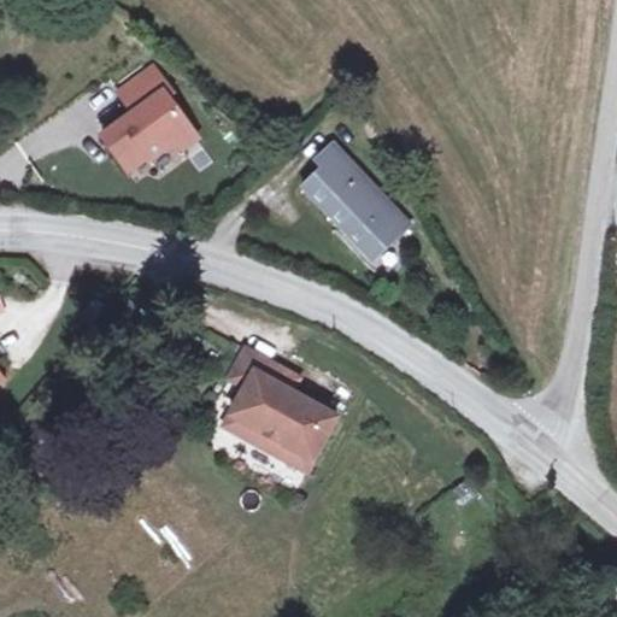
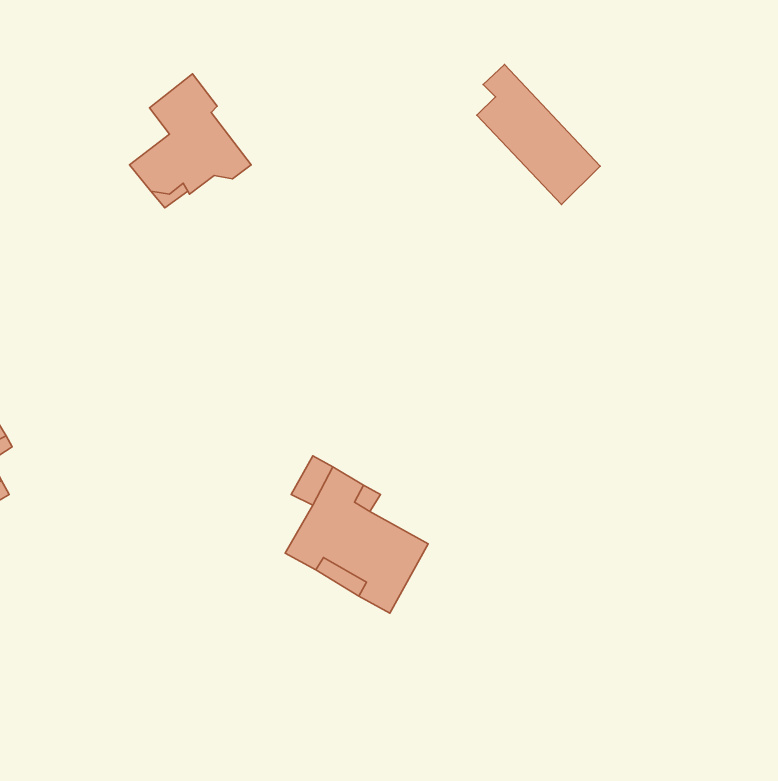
building: [305,148,401,258] -> [477,64,600,205]

